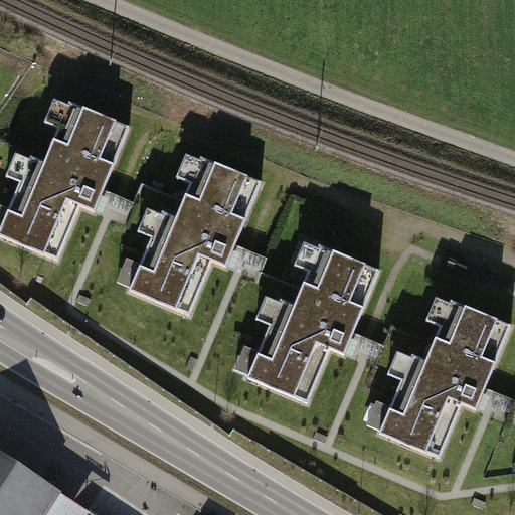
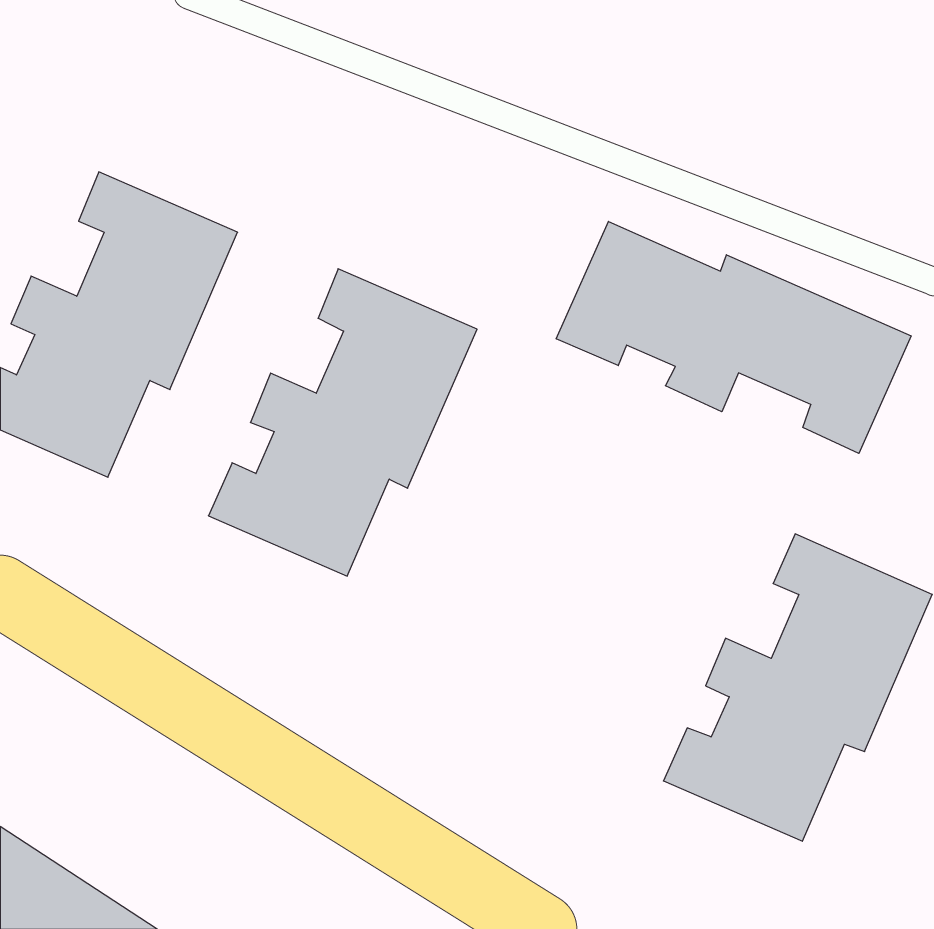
building: none -> [556,221,911,453]
building: [231,234,378,402] -> none

